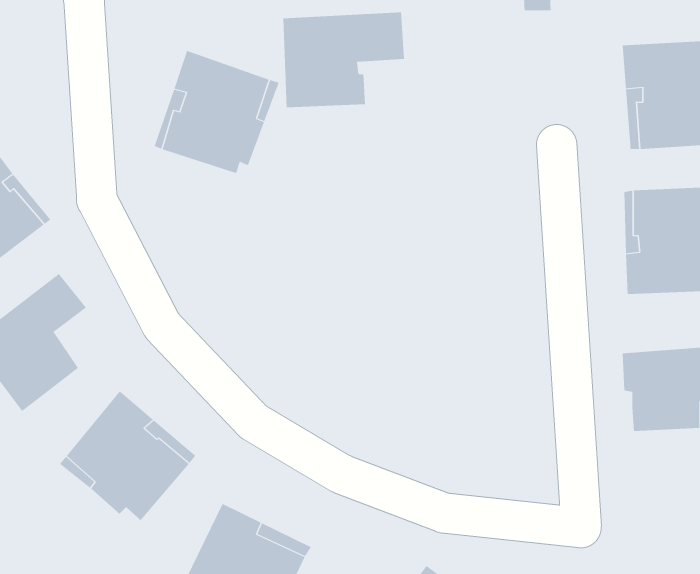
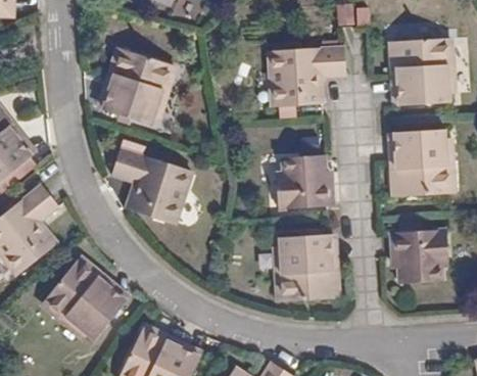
building: [283,12,405,108] -> [271,43,347,103]
building: none -> [110,144,190,222]
building: none -> [275,156,332,208]
building: none -> [273,234,336,302]

